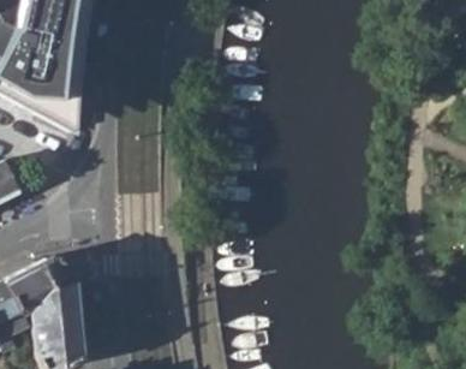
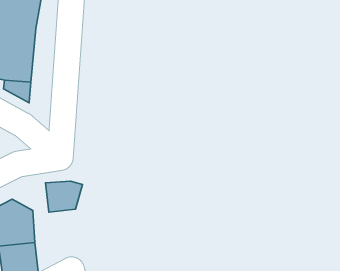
building: none -> [45,181,83,212]

